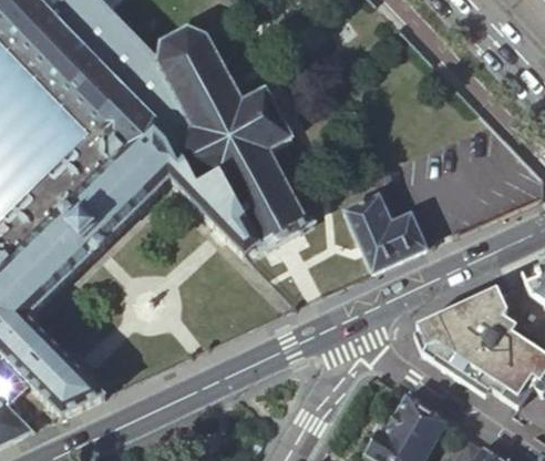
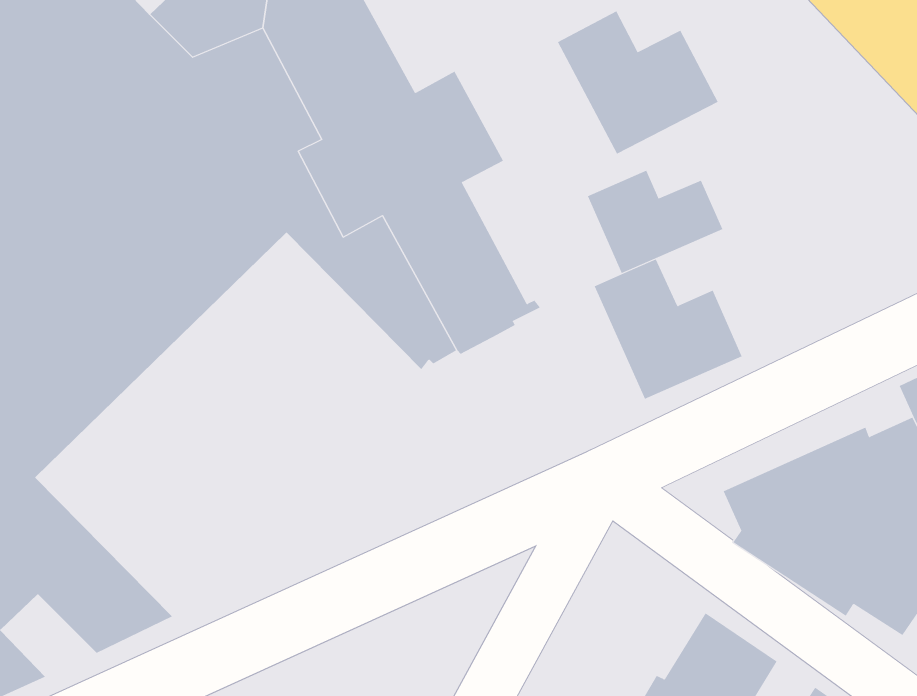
building: none -> [557,11,719,155]
building: none -> [587,170,723,274]

